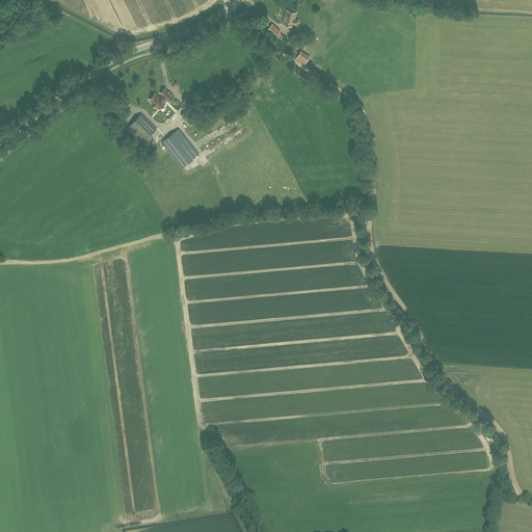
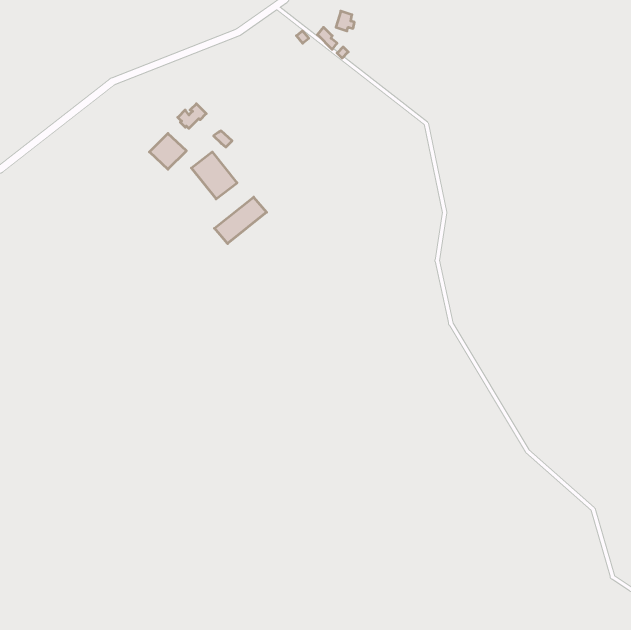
building: none -> [214,197,267,244]

